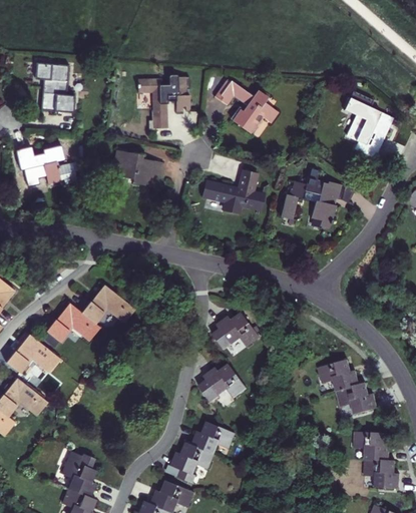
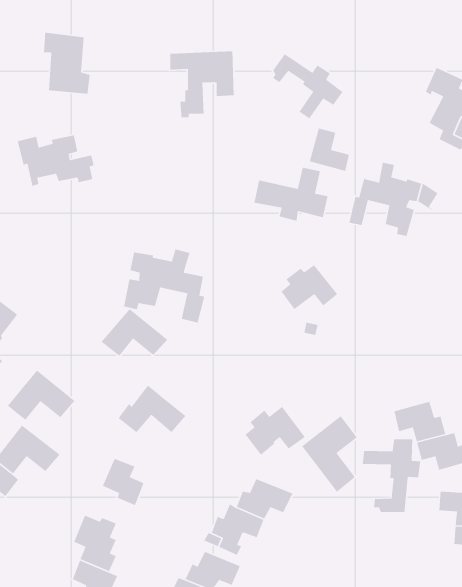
building: none -> [309,128,350,172]
building: [111,150,162,187] -> none
building: none -> [123,248,205,324]
building: [47,303,102,342] -> [118,385,186,433]
building: [213,312,259,349] -> [281,264,338,310]
building: none -> [301,415,358,493]
building: none -> [362,438,421,513]
building: none -> [102,458,145,506]

